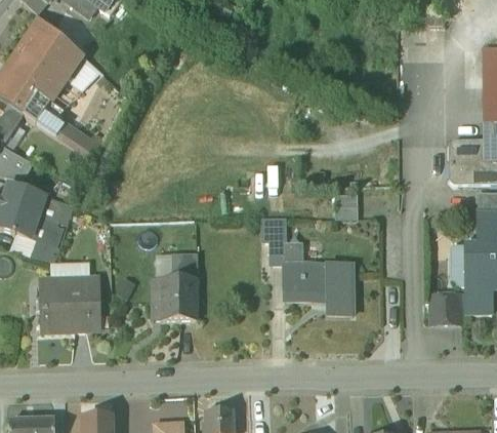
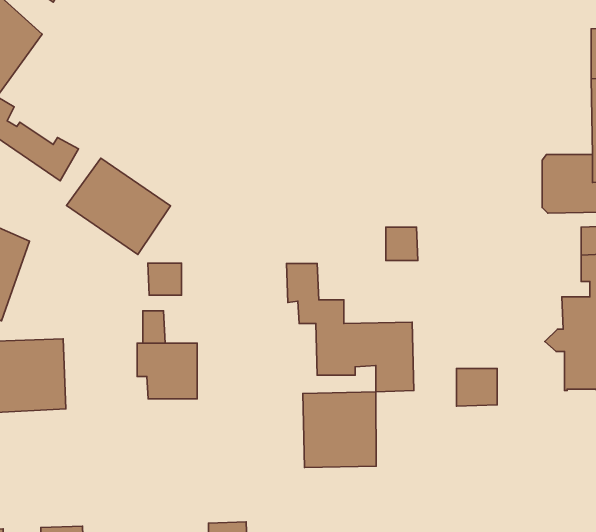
building: none -> [67,158,171,254]
building: [171,257,196,280] -> [148,263,181,295]
building: [430,296,460,323] -> [457,368,497,406]
building: none -> [303,392,376,467]

